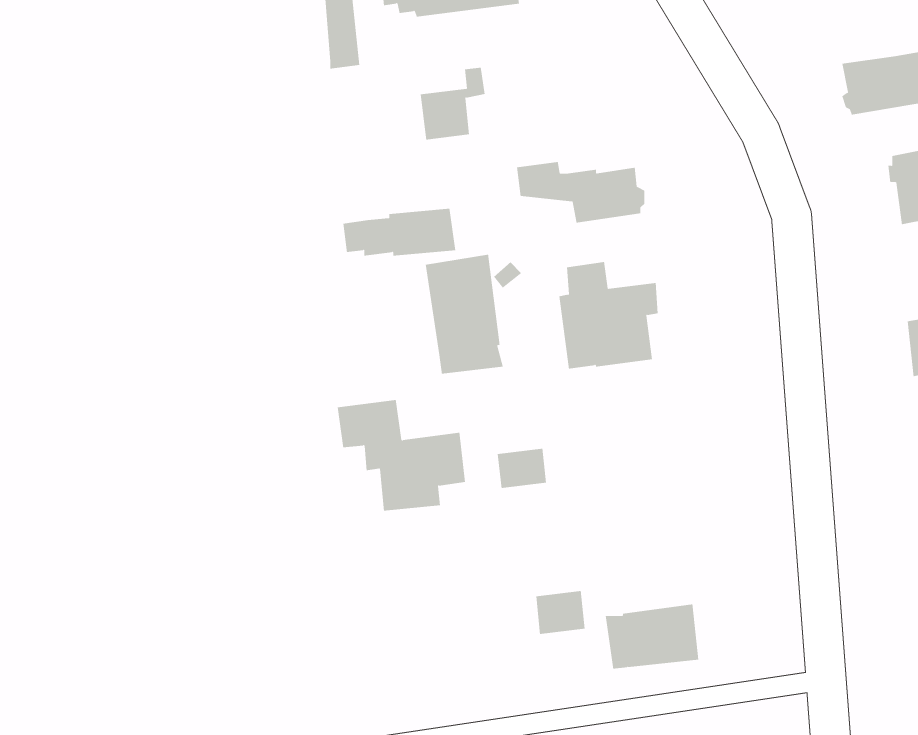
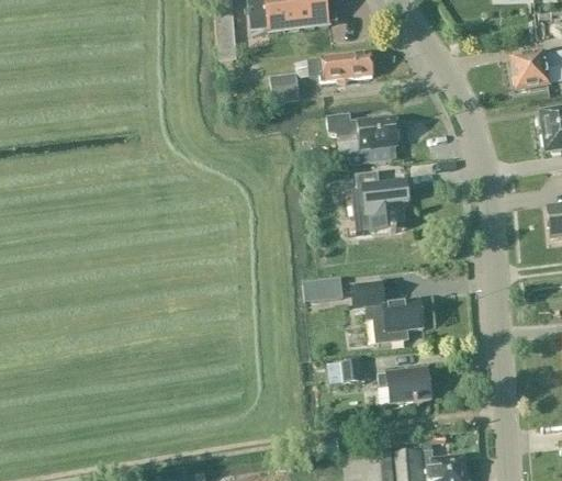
building: [342,208,456,256] -> [307,51,372,78]
building: [425,254,503,375] -> none
building: [337,400,466,511] -> [349,279,423,343]

